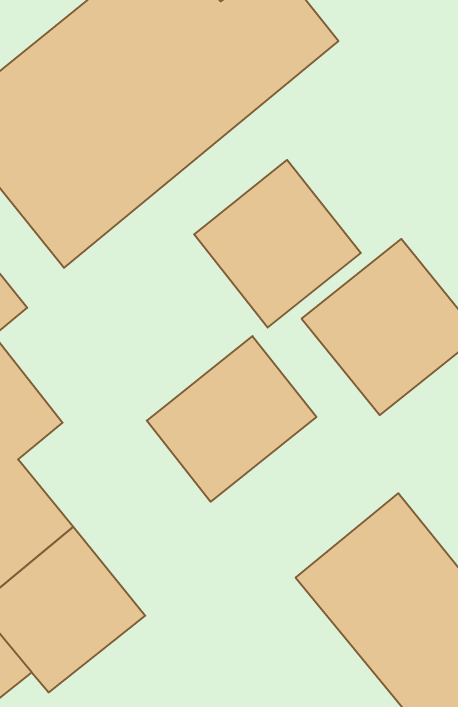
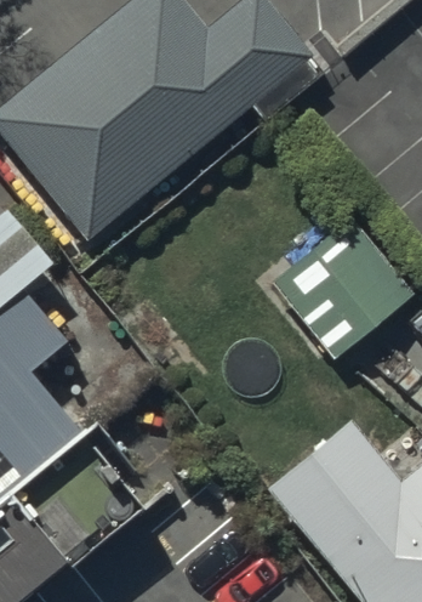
building: [194,160,361,328] -> none
building: [147,336,316,502] -> none

